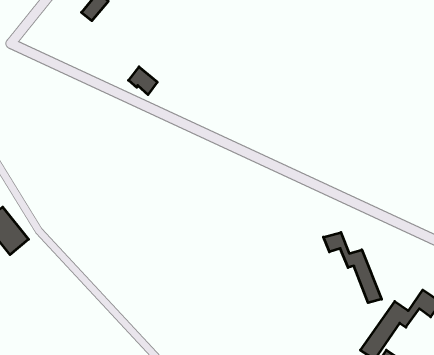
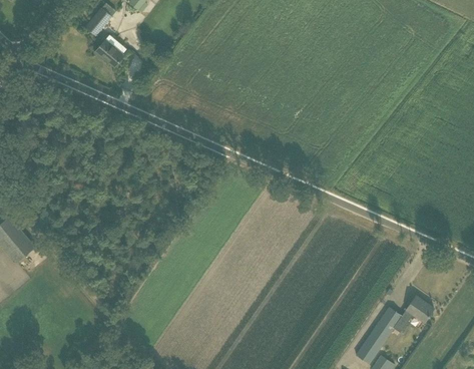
building: [128,67,157,95] -> [95,39,123,66]
building: [323,232,382,303] -> none

